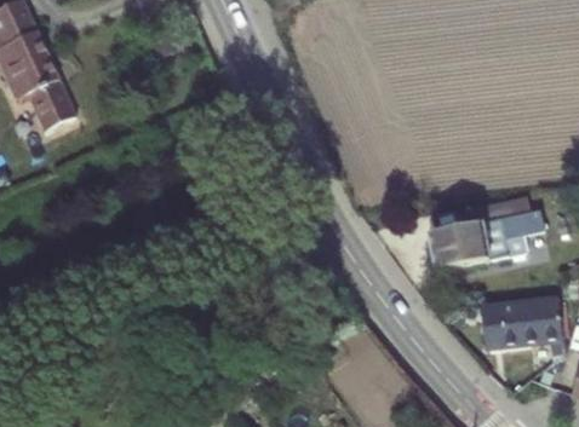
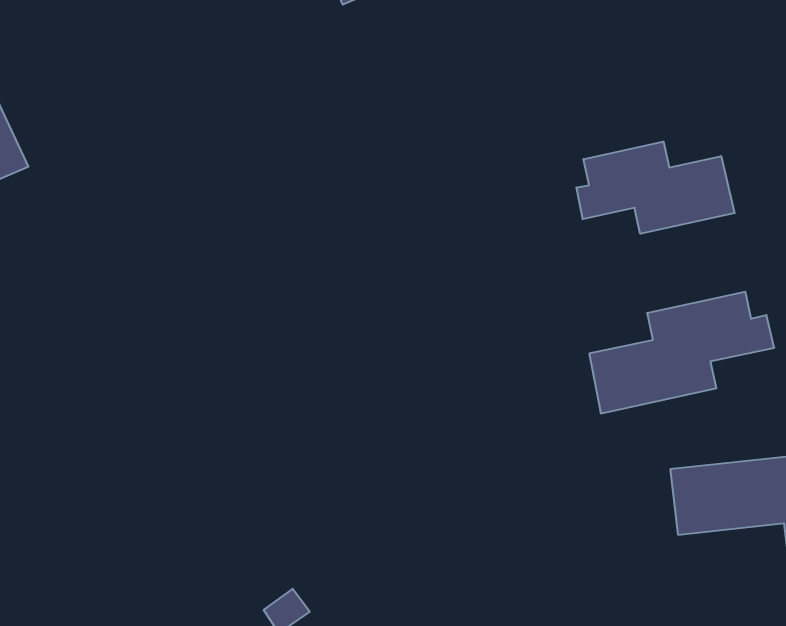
building: none -> [576,142,735,234]

